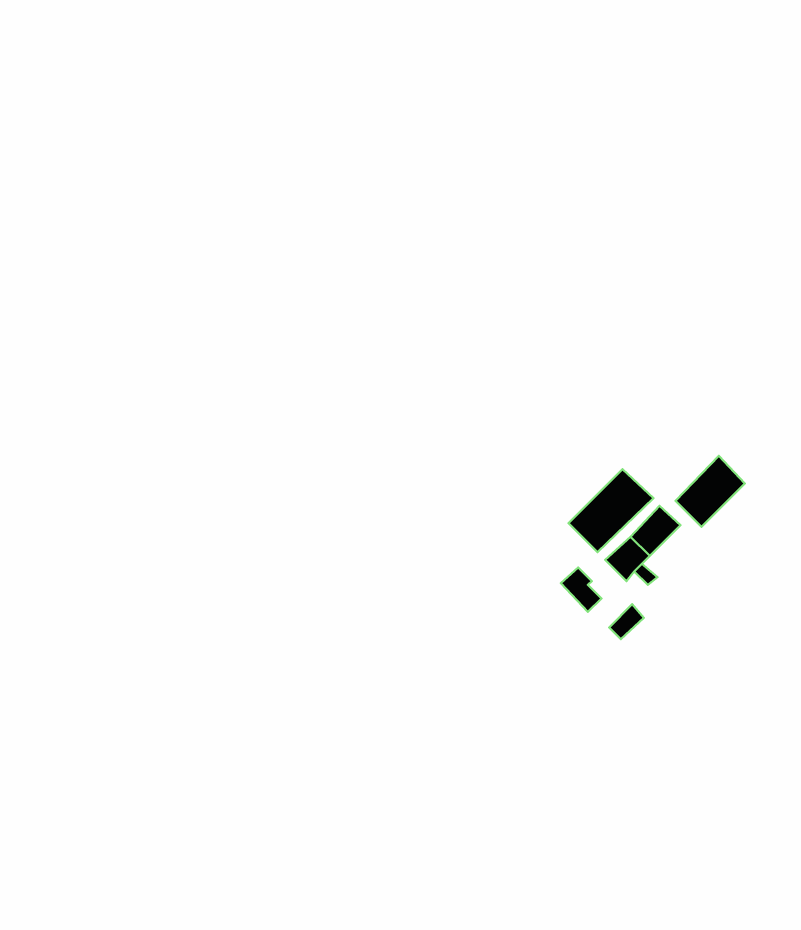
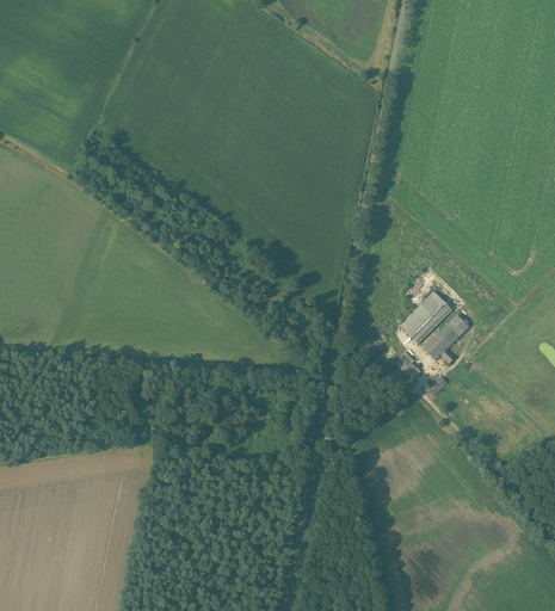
building: [676,456,745,527] -> none

